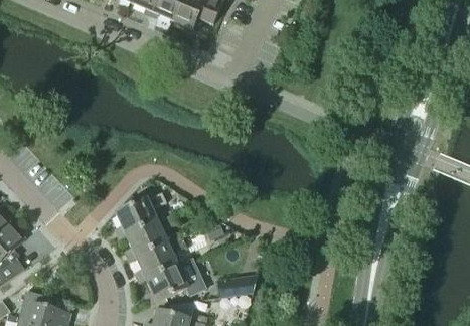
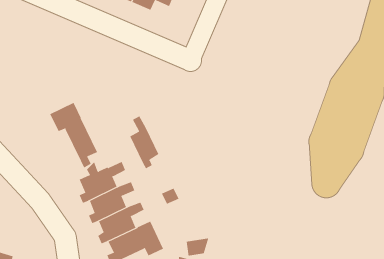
building: none -> [50,102,98,168]
building: none -> [130,115,159,169]

